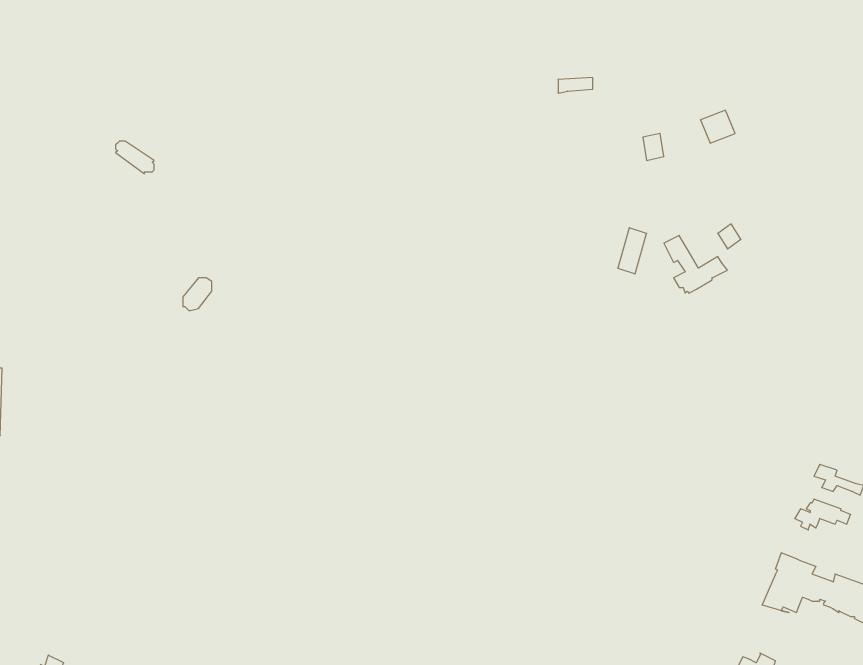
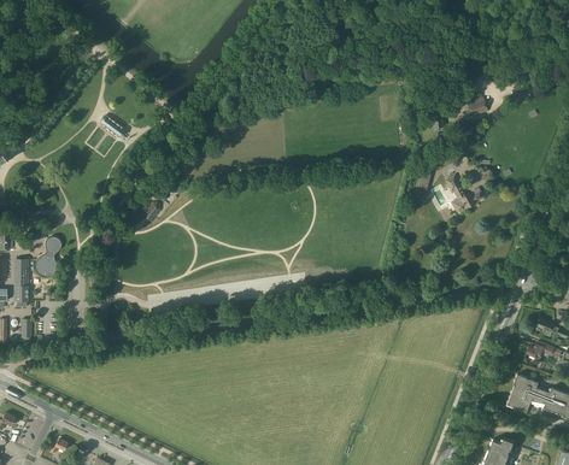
building: none -> [35,236,61,276]

